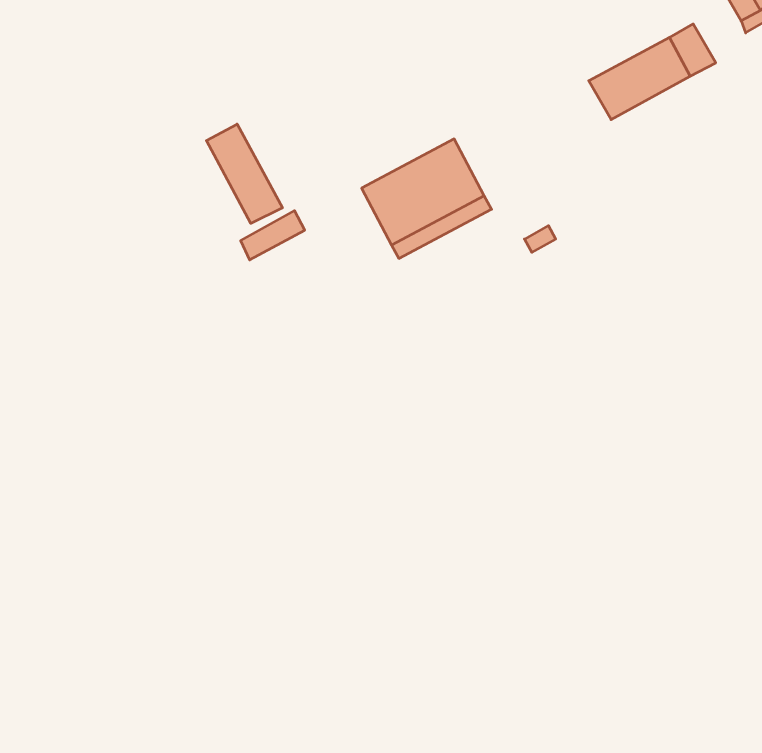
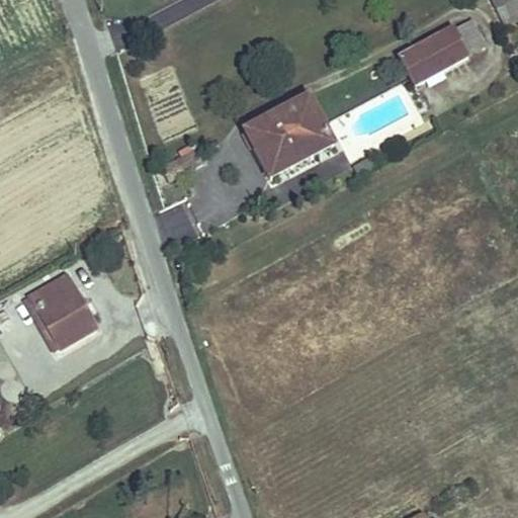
building: [206,124,282,223] -> none
building: none -> [36,271,92,340]

